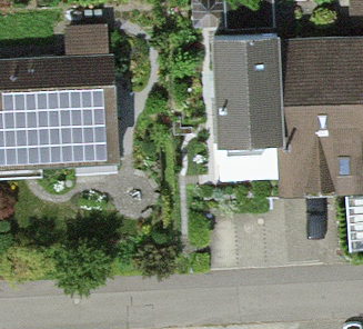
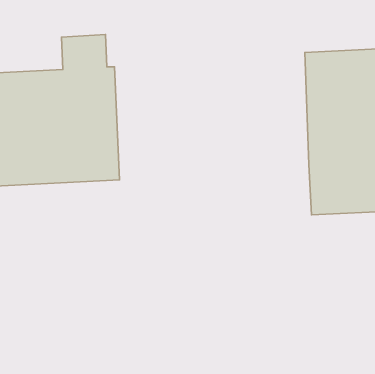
building: [215,38,281,149] -> none

